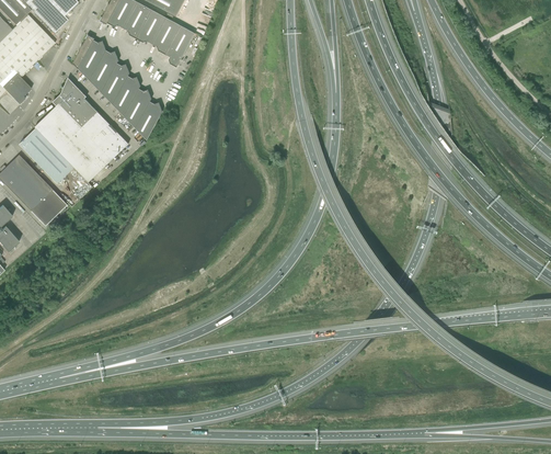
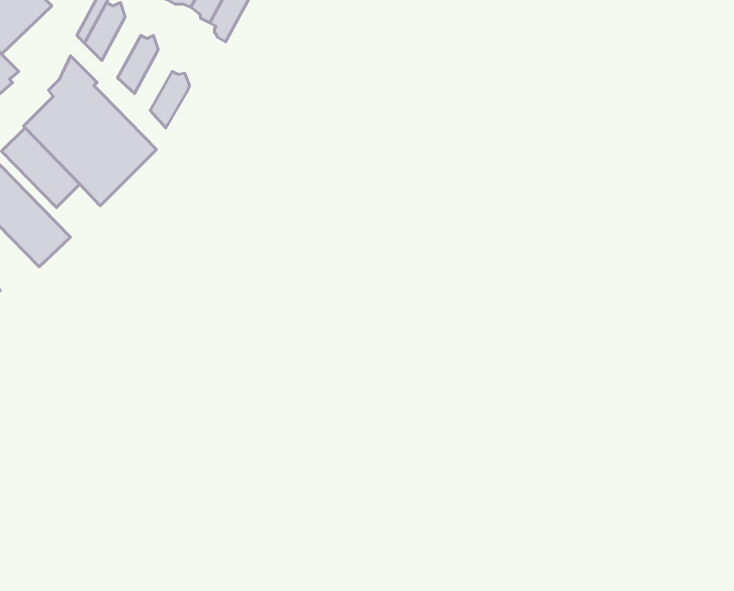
building: [89,49,117,92] -> none
building: [112,75,139,115] -> none
building: [134,101,161,139] -> none

